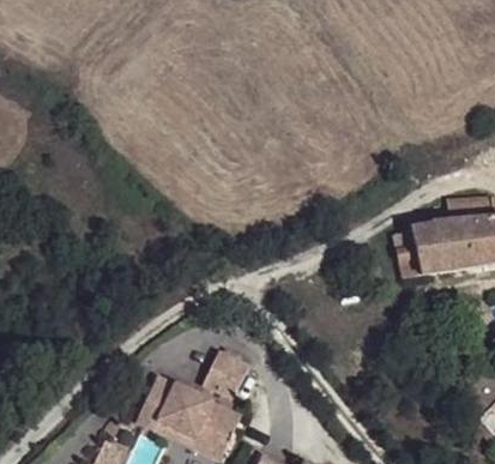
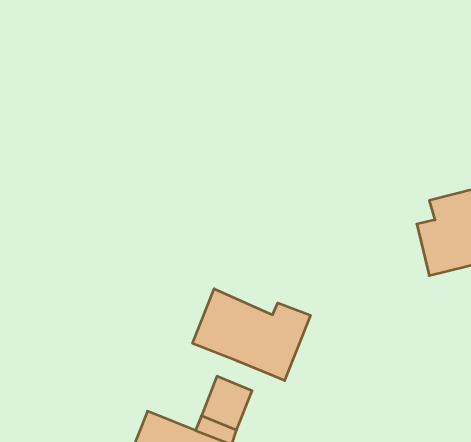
building: none -> [193,289,310,381]

